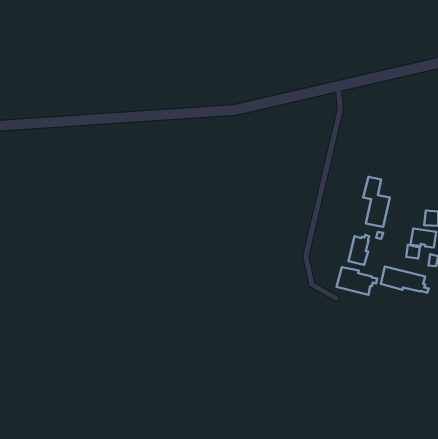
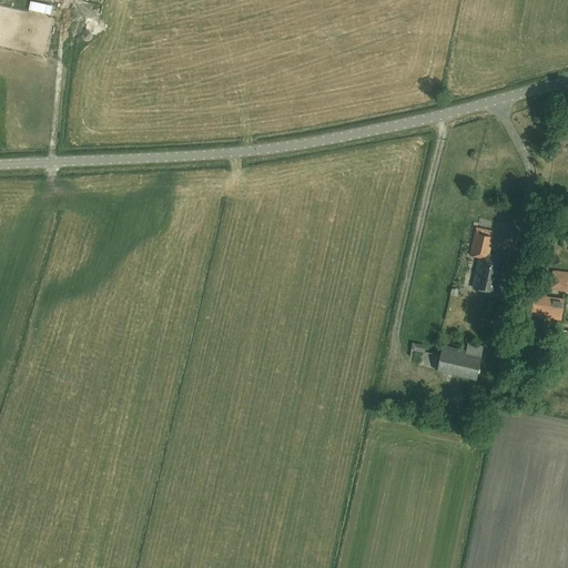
building: [348,235,369,265] -> none
building: [381,267,429,293] -> none

